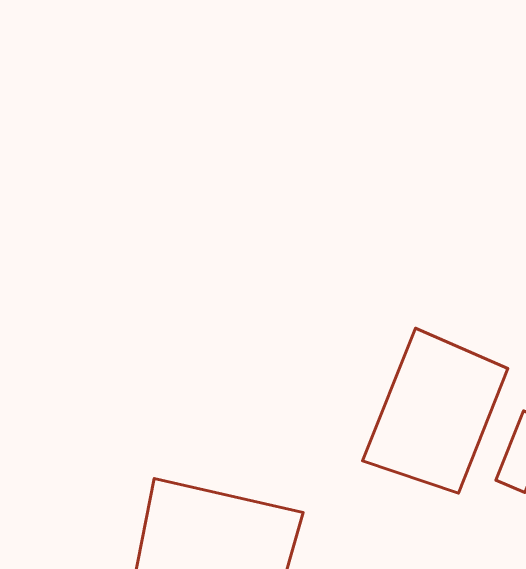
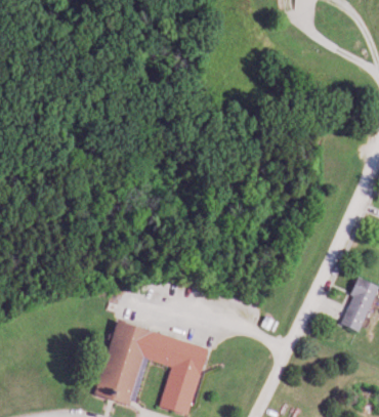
building: [363,328,508,493] -> none

